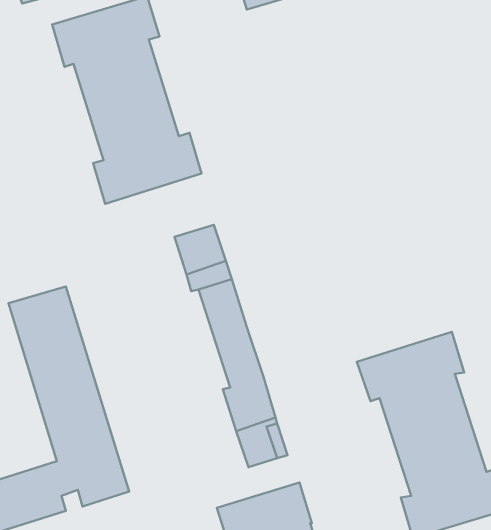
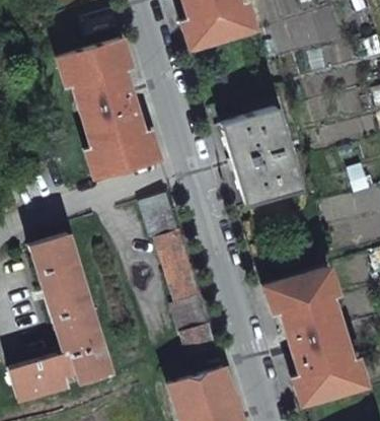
building: none -> [221,107,302,205]

